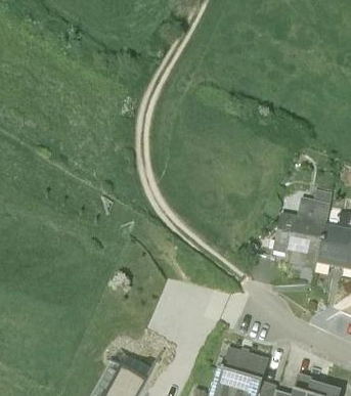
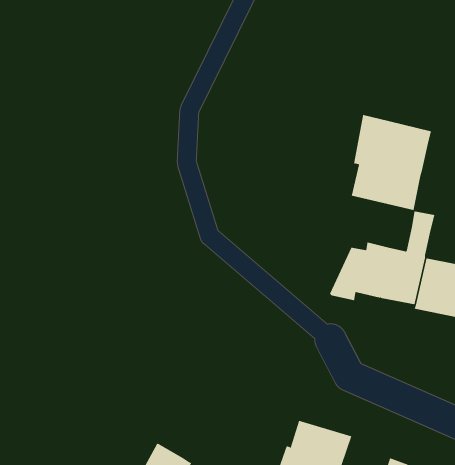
building: none -> [351,114,432,211]

